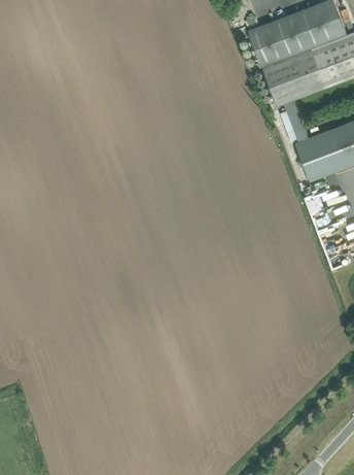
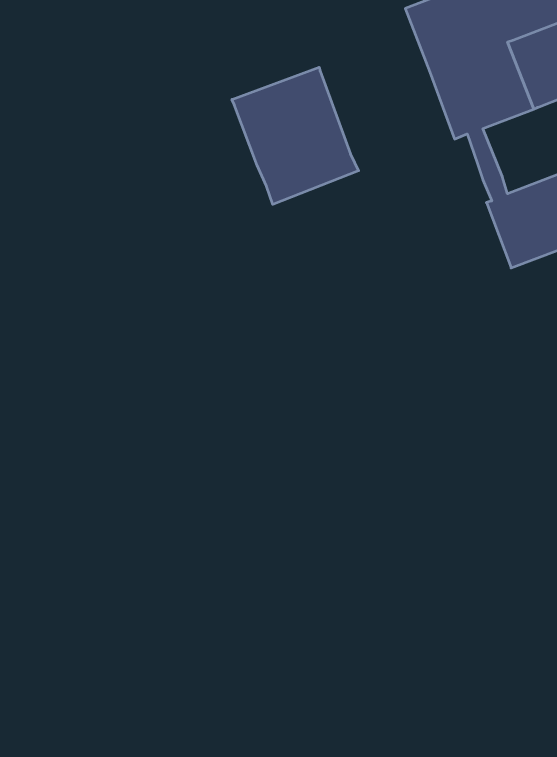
building: none -> [232,67,359,204]

